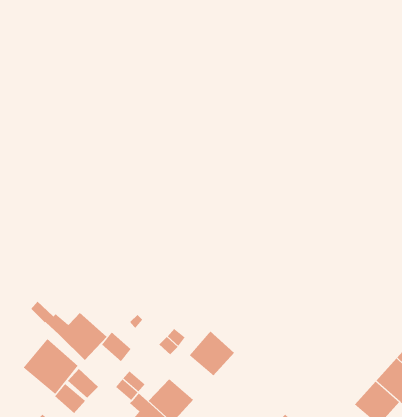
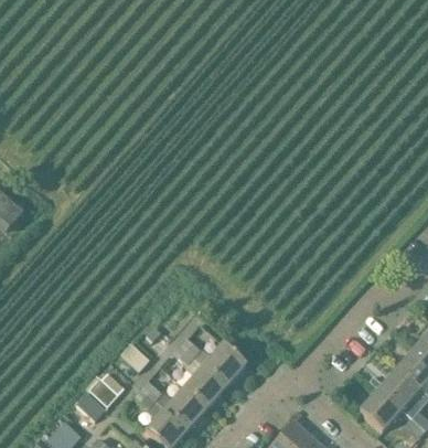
building: [31,301,107,361] -> none
building: [23,338,79,395] -> none
building: none -> [184,364,226,406]

